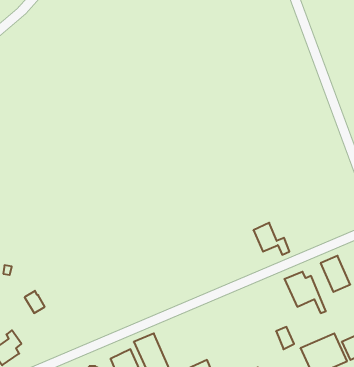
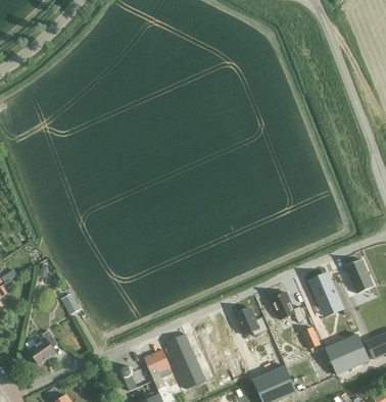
building: [253,223,289,255] -> [270,292,304,322]
building: none -> [234,307,267,336]

